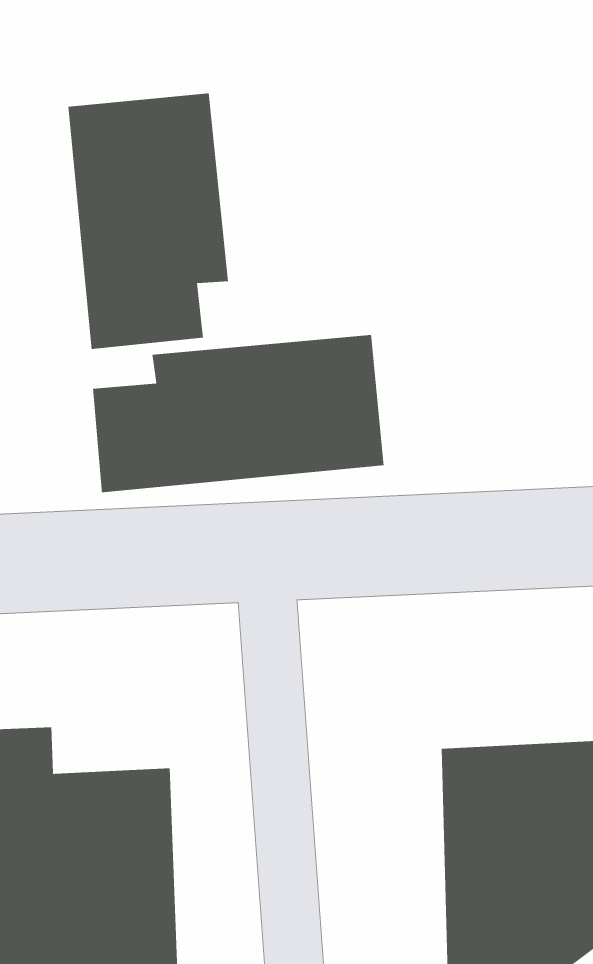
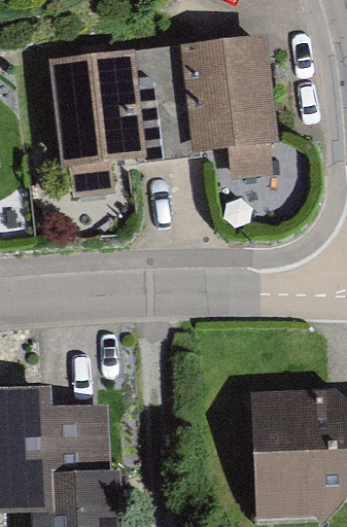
building: none -> [175,37,274,172]
building: [92,334,384,493] -> none

